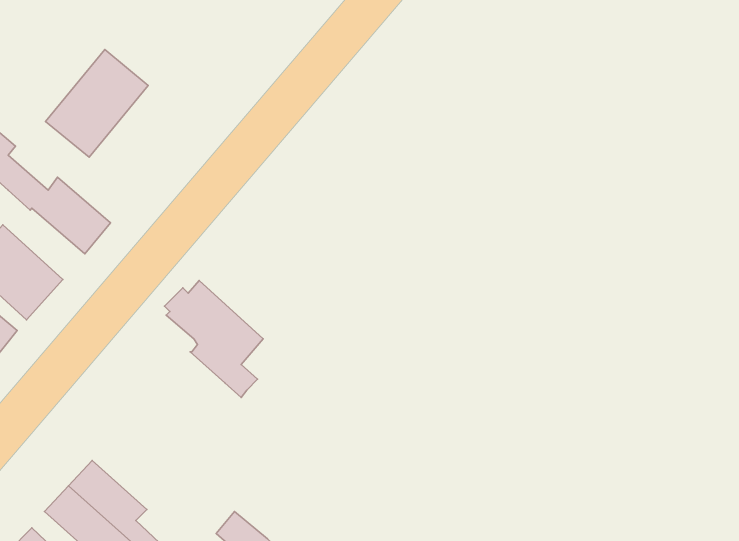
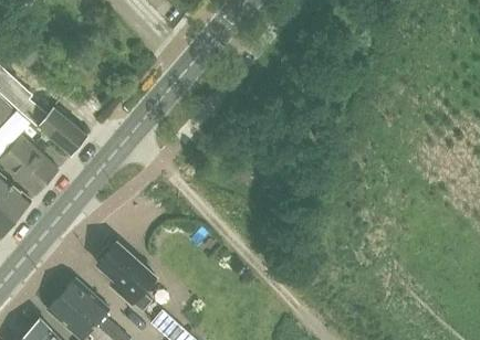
building: [46,50,148,157] -> none
building: [165,280,263,397] -> [95,242,155,312]

